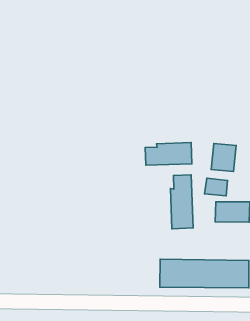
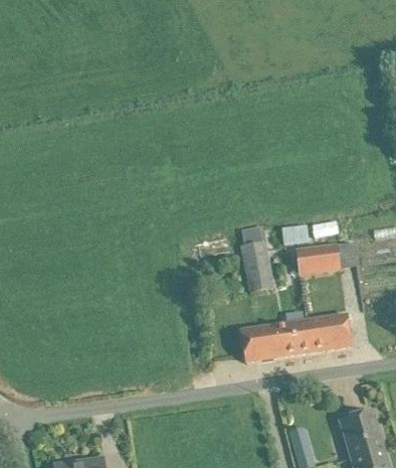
building: [145,143,192,165] -> none
building: [211,143,236,171] -> none

